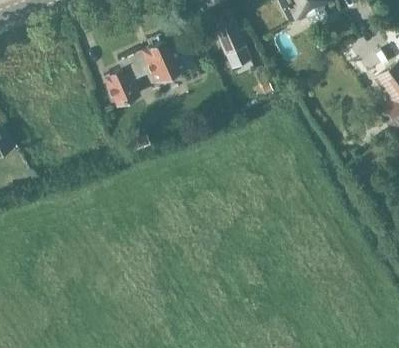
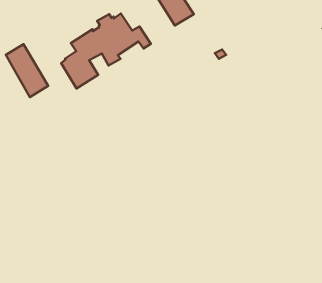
building: none -> [6,44,48,97]

